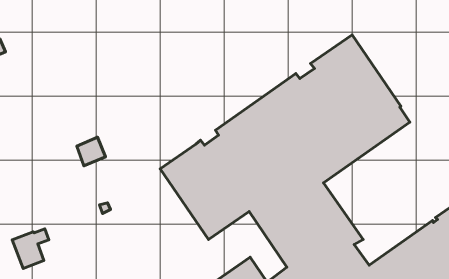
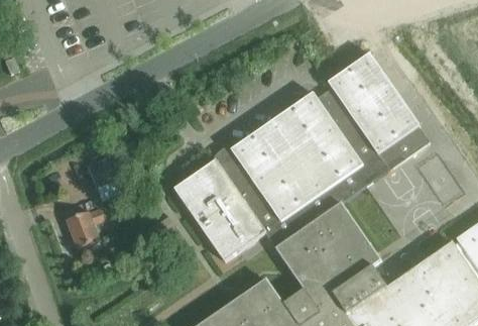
building: [12,229,49,269] -> [67,208,104,248]

